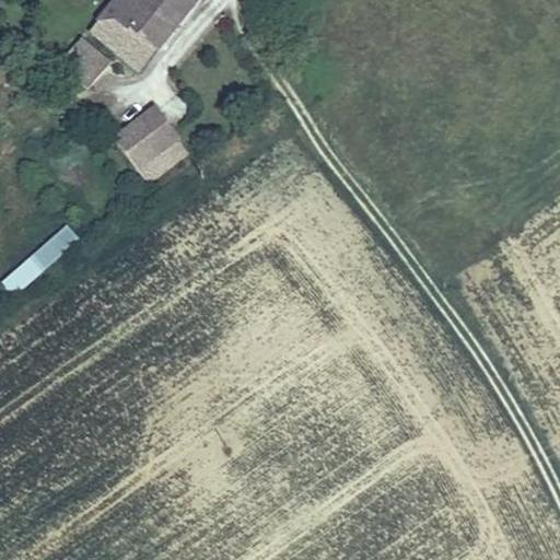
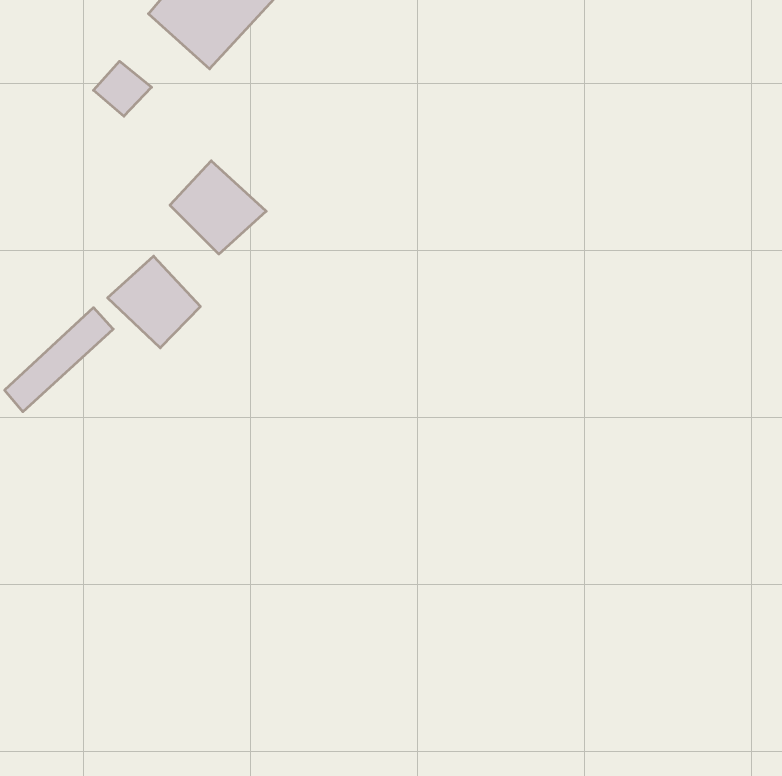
building: [90,10,150,69] -> none
building: none -> [108,256,200,348]

